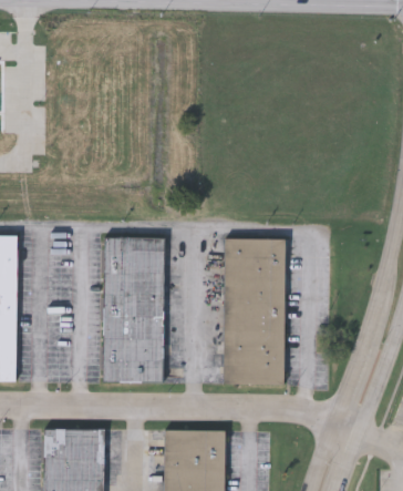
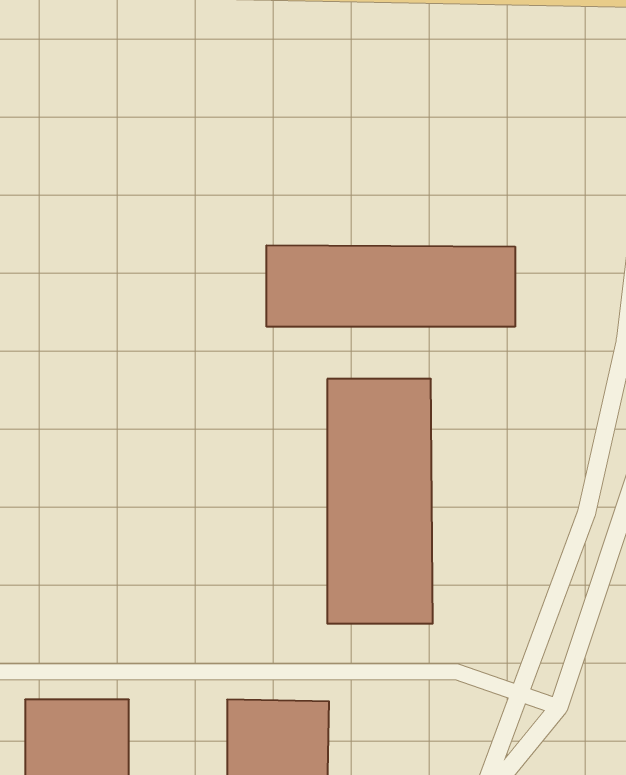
building: none -> [267,245,515,327]
building: [104,236,166,383] -> none

